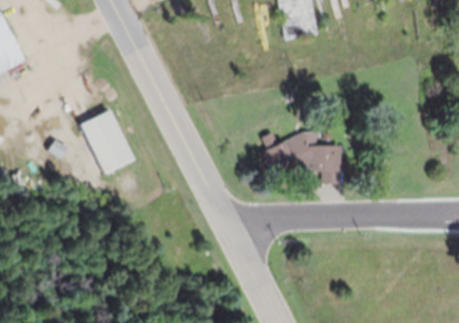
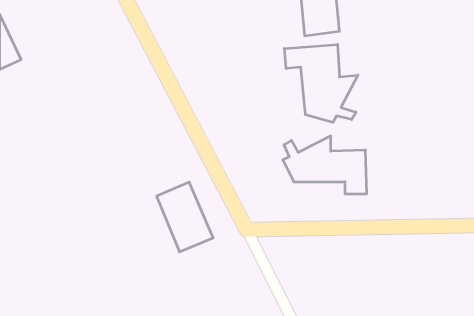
building: none -> [284,44,358,122]
building: [81,108,133,172] -> [157,182,213,252]

